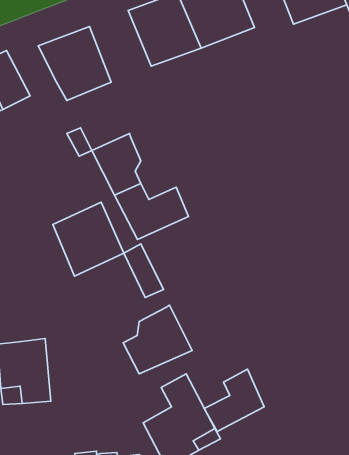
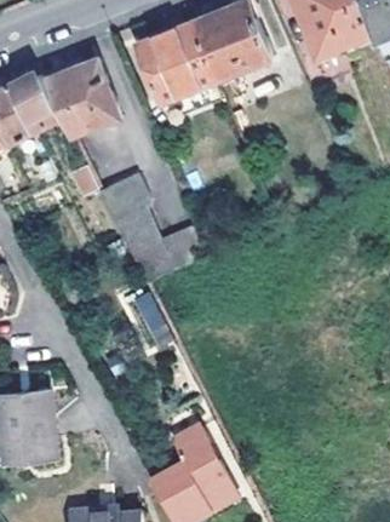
building: none -> [10,73,63,131]
building: [53,202,124,276] -> none
building: [123,305,192,374] -> none
building: [204,369,264,431] -> none

